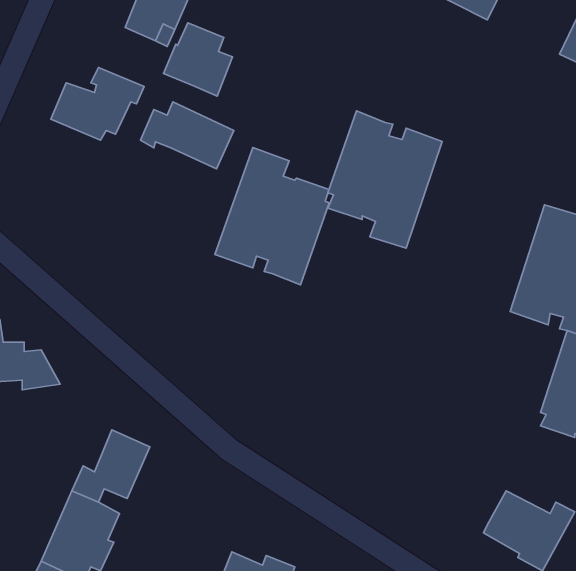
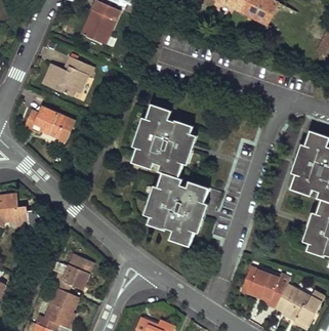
building: [164,23,232,96] -> none
building: [140,102,234,169] -> [24,107,74,142]
building: [328,111,442,248] -> [148,168,209,242]
building: none -> [242,267,292,303]

